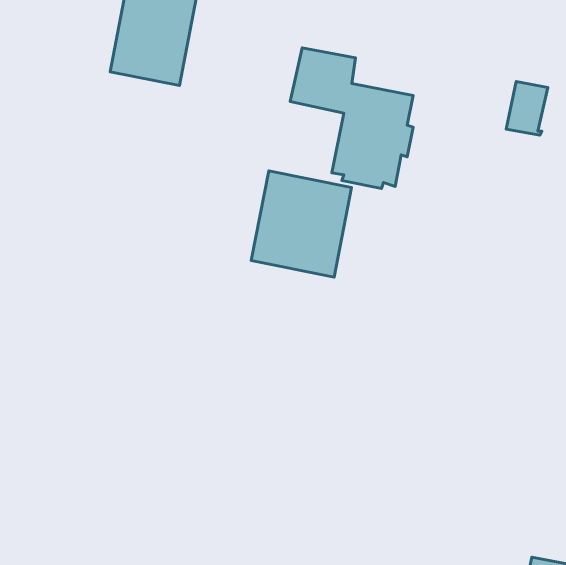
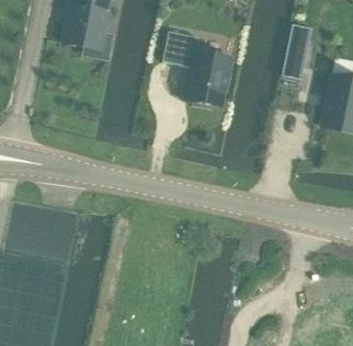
building: [251,171,352,277] -> none

